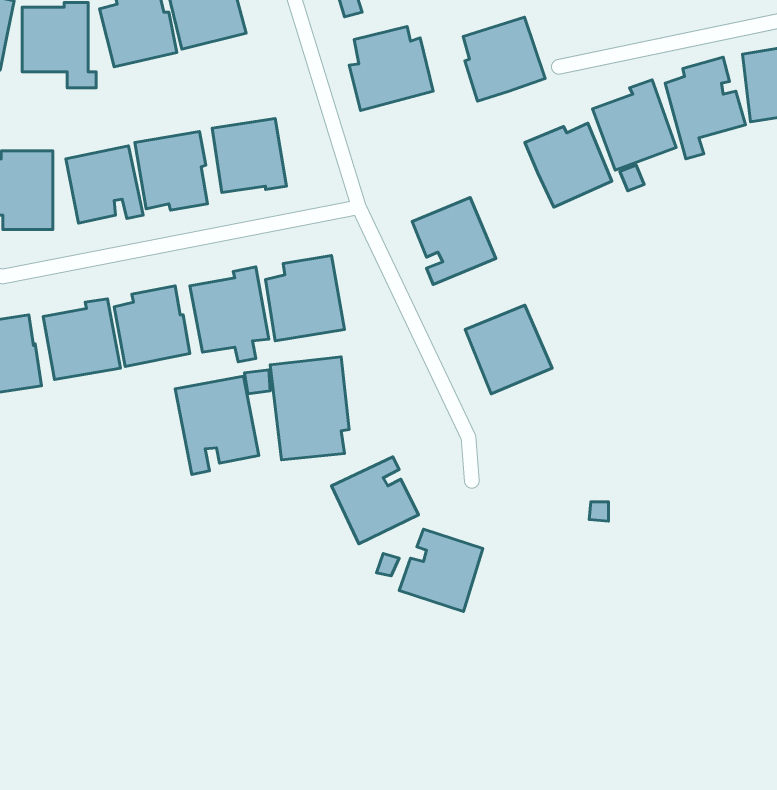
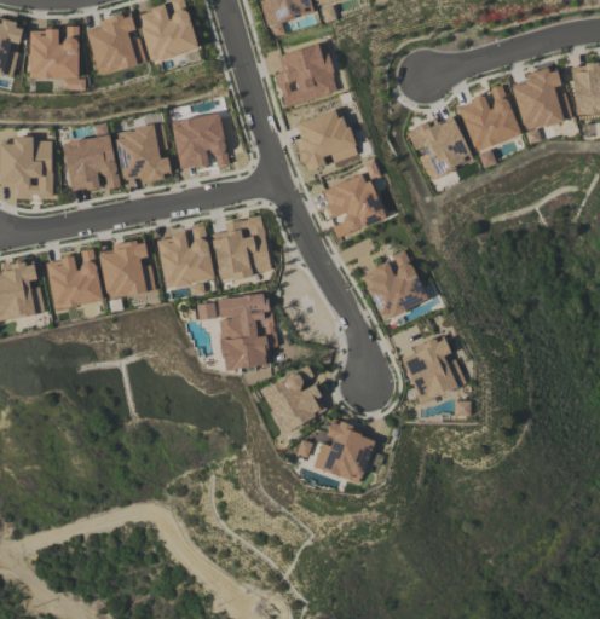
building: [463,17,545,101] -> [295,109,357,172]
building: [175,376,259,474] -> none
building: none -> [404,336,465,403]

